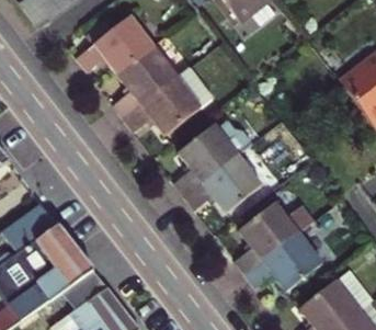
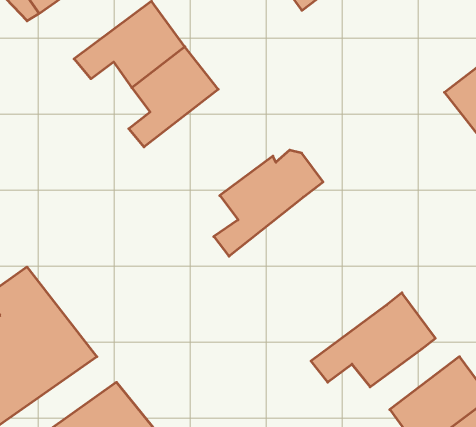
building: [124,67,214,135] -> none
building: [185,155,263,213] -> none
building: [235,203,315,273] -> none

